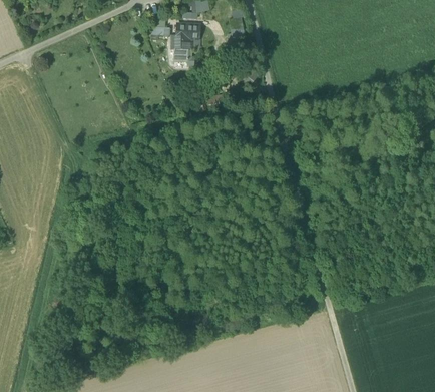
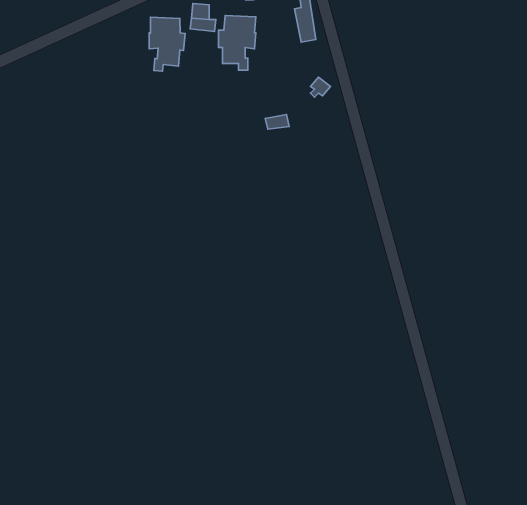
building: none -> [149,17,185,71]

